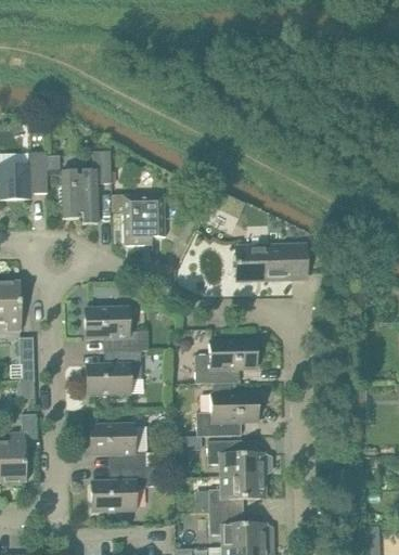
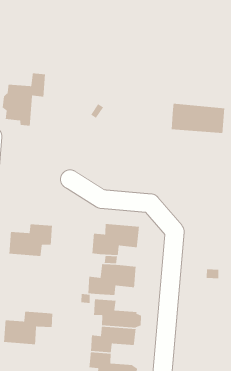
building: [123,194,166,245] -> none
building: [236,244,307,281] -> [171,103,225,134]
building: [85,307,149,351] -> none
building: [90,424,146,467] -> none

